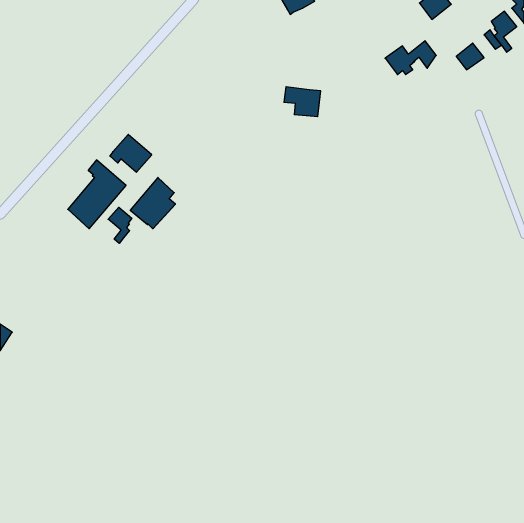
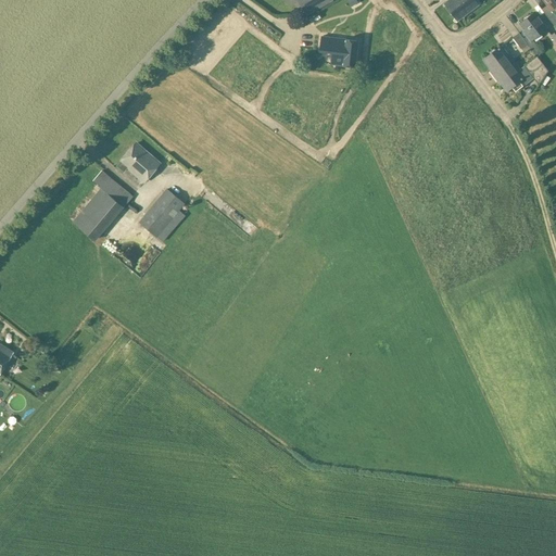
building: [385,41,436,75] -> [494,55,548,91]
building: [284,87,321,117] -> [319,36,358,67]
building: [108,207,132,243] -> none

